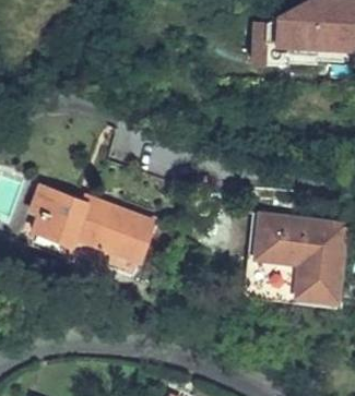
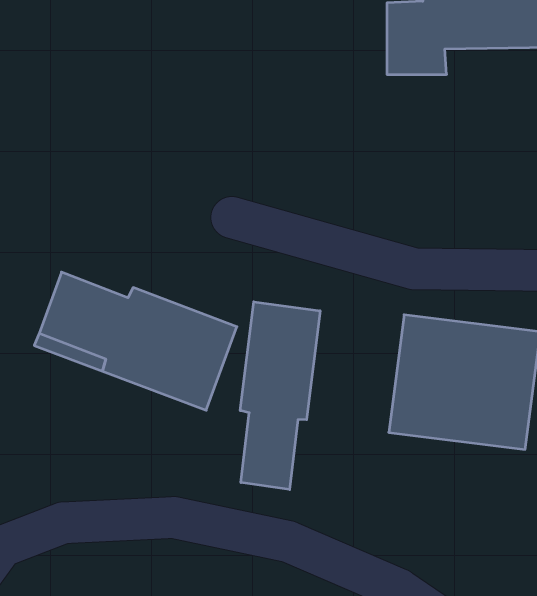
building: none -> [240,302,320,490]

